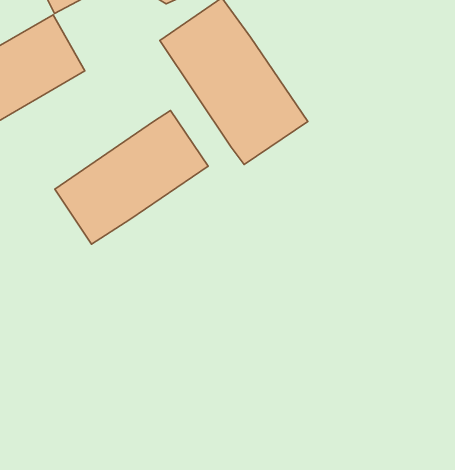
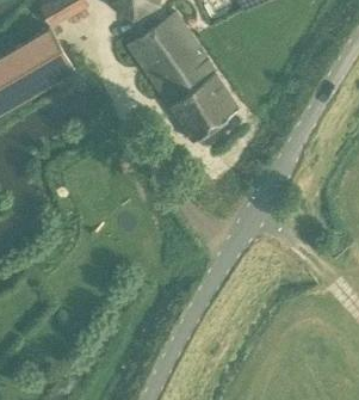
building: [55,111,208,244] -> none

